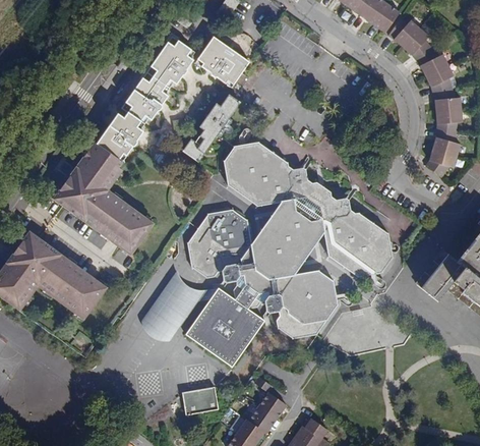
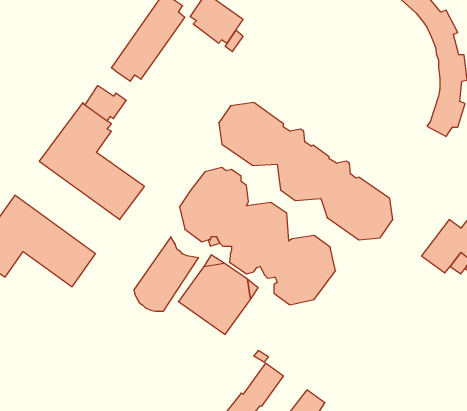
building: [183,95,242,160] -> none
building: [109,112,142,140] -> none
building: [251,201,322,274] -> none
building: [179,390,216,419] -> none

